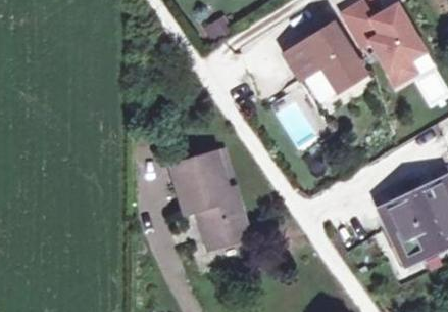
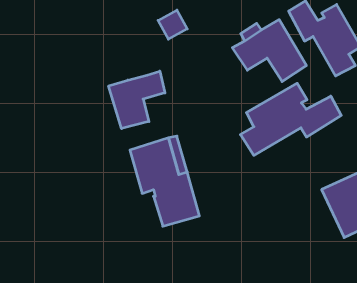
building: none -> [109,71,165,129]
building: none -> [240,83,341,155]

